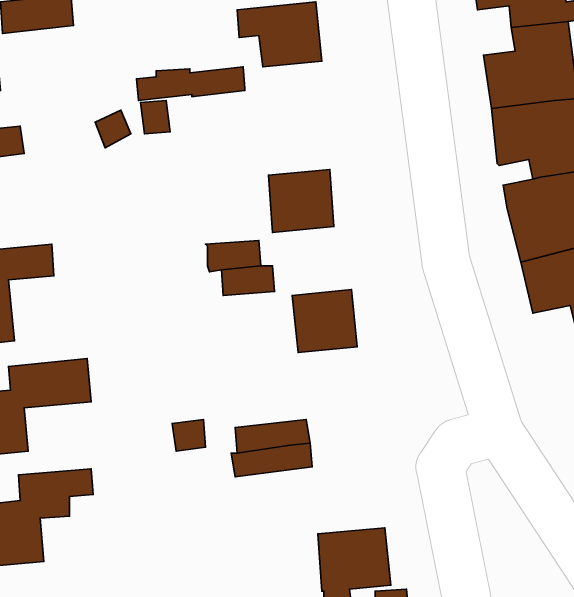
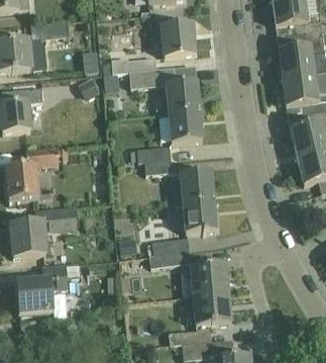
building: none -> [130,67,200,112]
building: none -> [184,200,216,233]
building: none -> [191,263,228,296]

